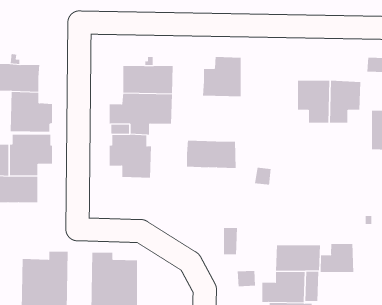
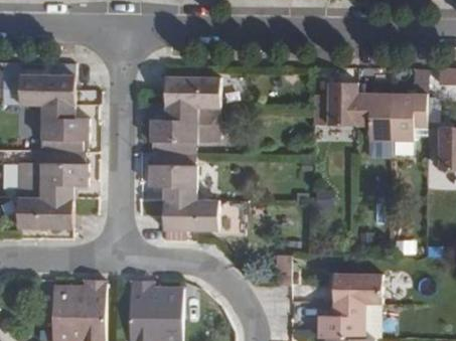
building: [202,56,241,97] -> [313,80,356,125]
building: [186,140,237,169] -> [162,198,217,229]
building: [320,243,354,273] -> none

